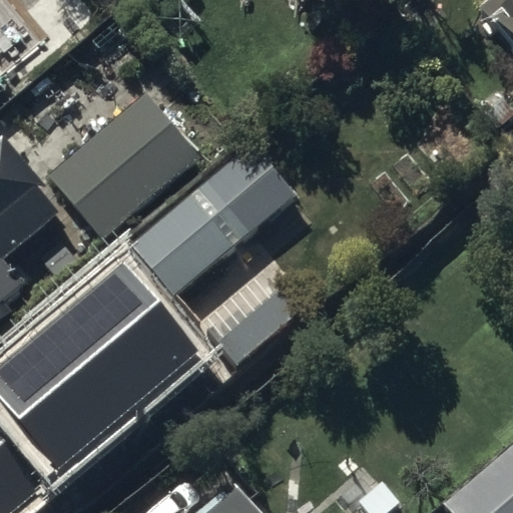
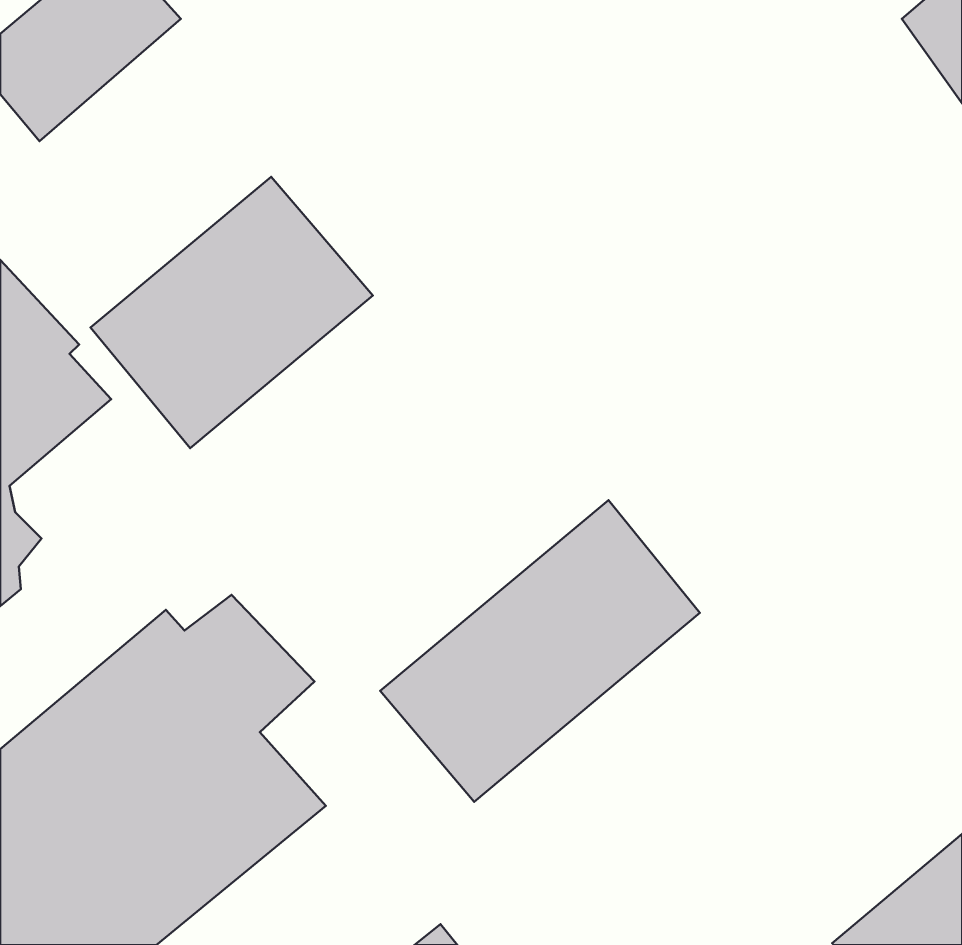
building: [129,141,296,297] -> none
building: none -> [380,500,700,802]

